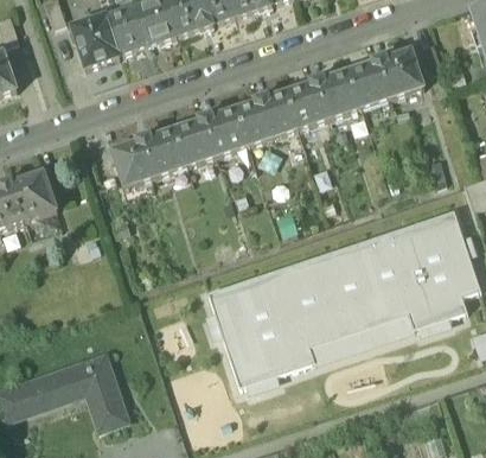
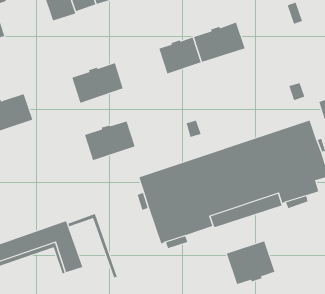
building: [348,49,424,107] -> none
building: [175,107,249,164] -> [84,121,135,161]
building: none -> [68,213,118,278]
building: none -> [226,240,275,285]

